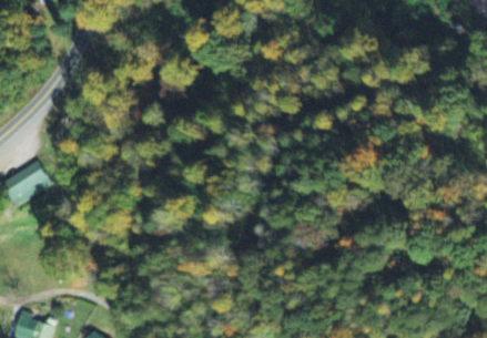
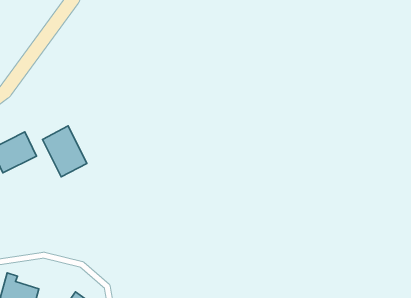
building: none -> [43,126,87,177]

